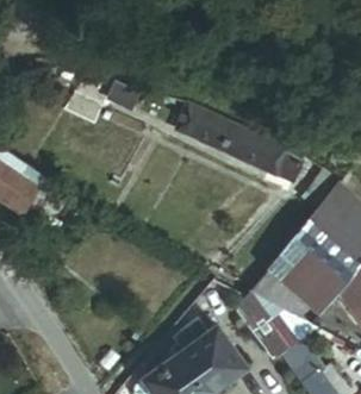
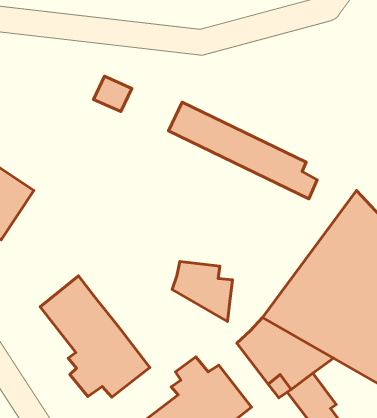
building: none -> [172,261,233,322]
building: none -> [40,276,150,397]

